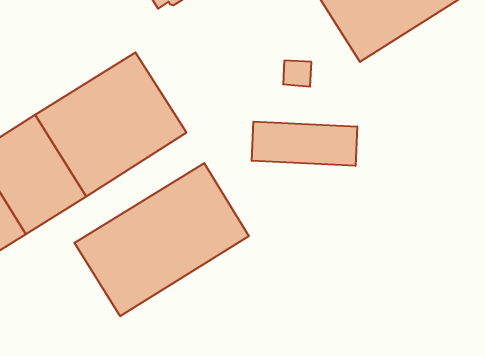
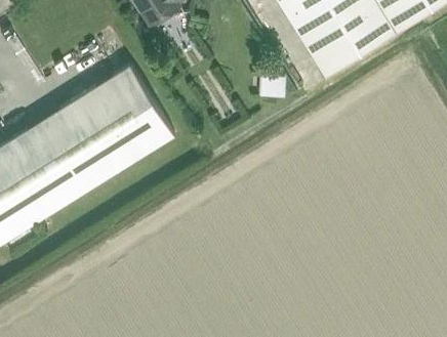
building: [252,122,357,166] -> none
building: [74,163,249,316] -> none

